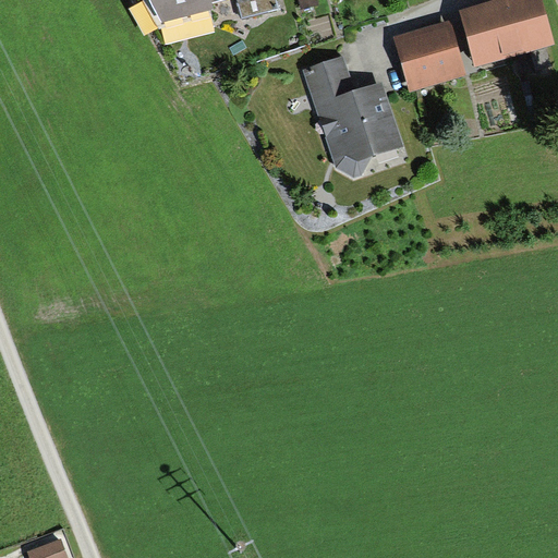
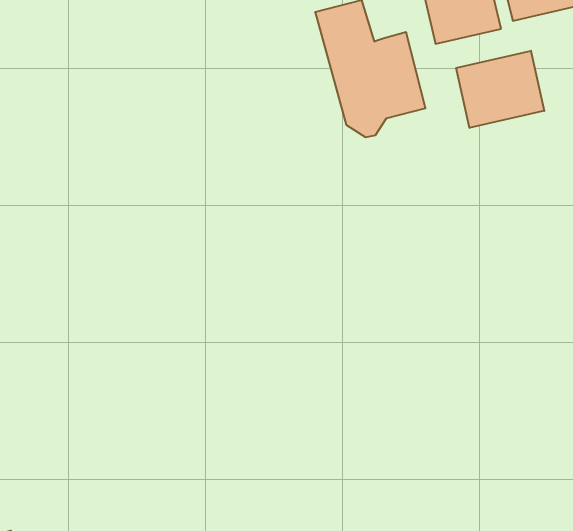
building: none -> [456,51,544,128]

